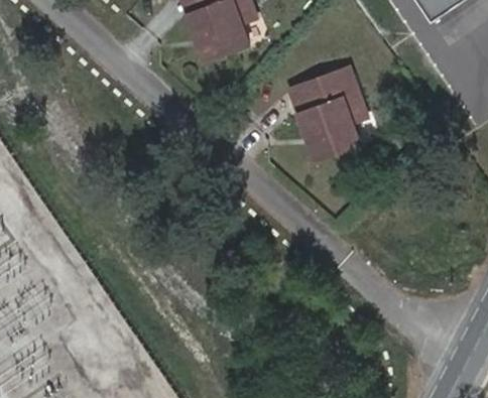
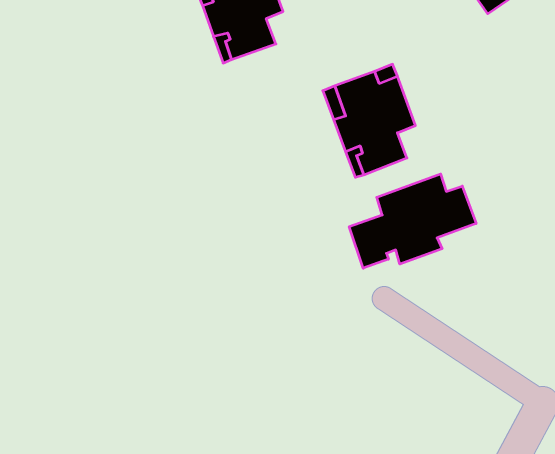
building: none -> [349,174,476,268]

